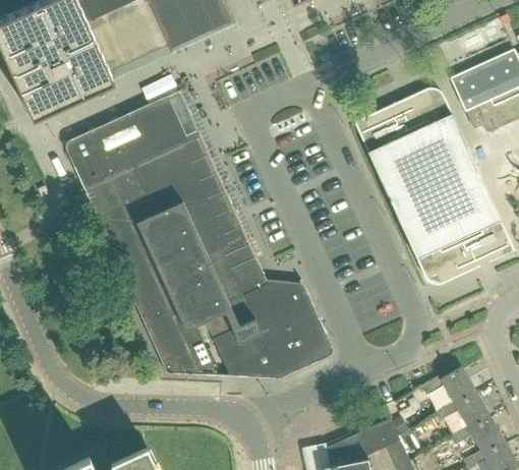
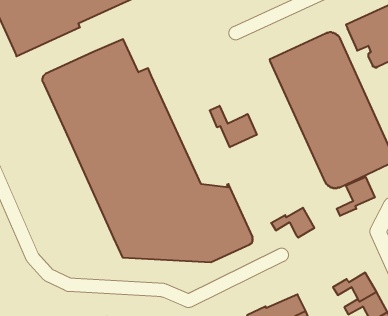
building: none -> [210,106,257,147]
building: none -> [337,177,375,216]
building: [420,366,475,404] -> [271,208,314,238]

